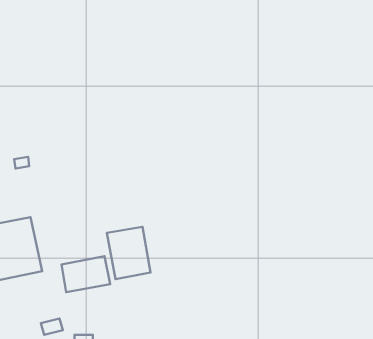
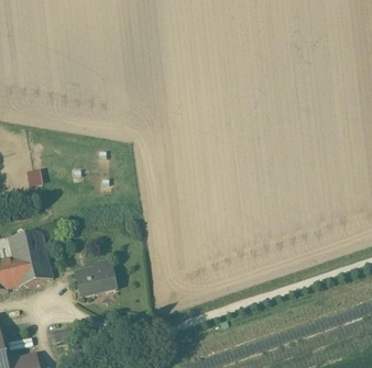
building: [107,227,150,279] -> none

